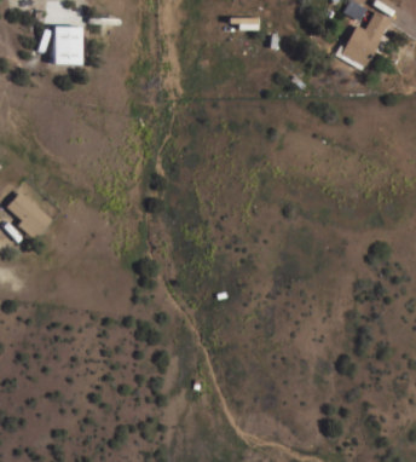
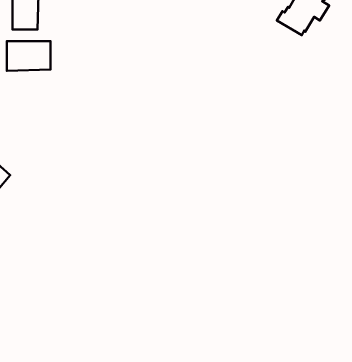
building: none -> [7,41,50,71]

